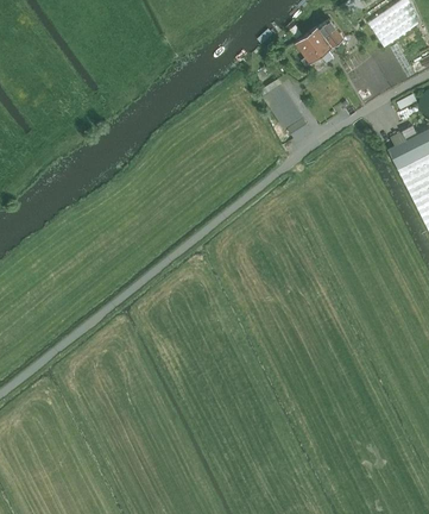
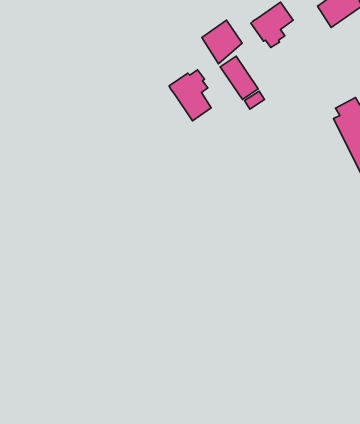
building: none -> [202,20,242,64]
building: none -> [169,70,211,121]

